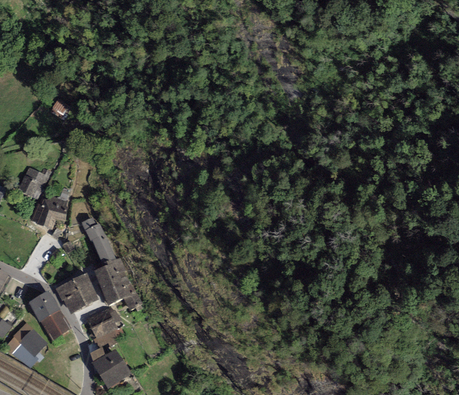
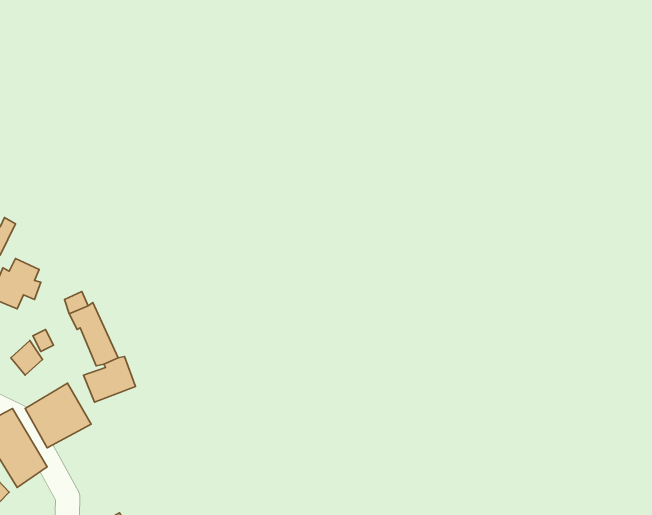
building: [100,275,142,310] -> none
building: [90,314,122,346] -> none

